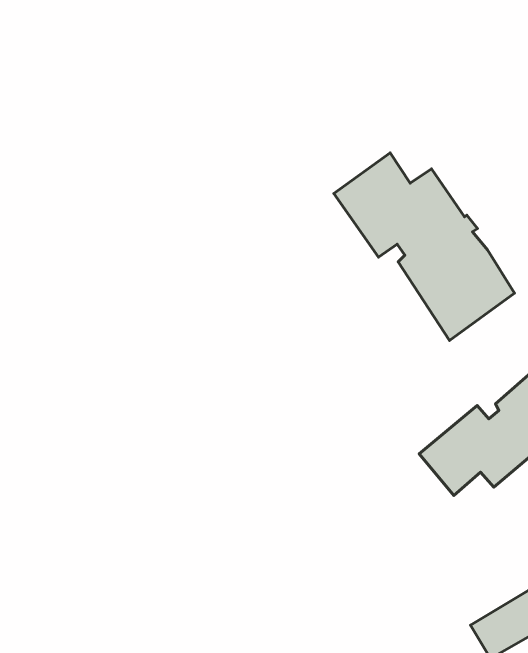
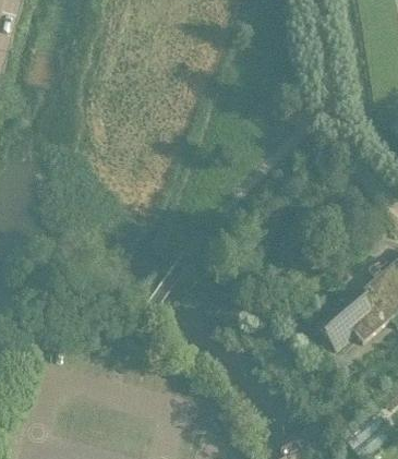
building: [334,153,514,340] -> none

